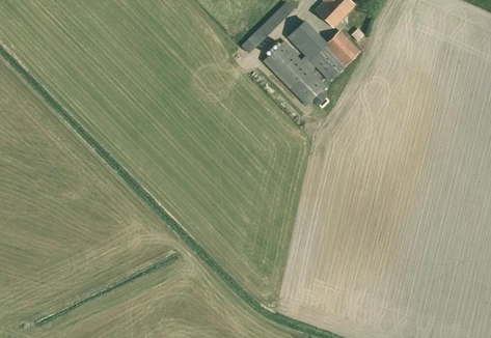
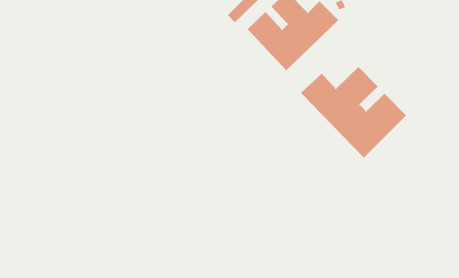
building: none -> [300,66,407,159]

